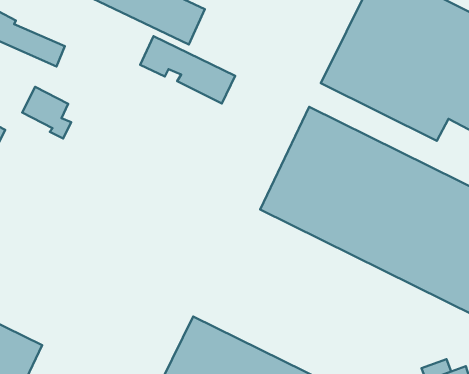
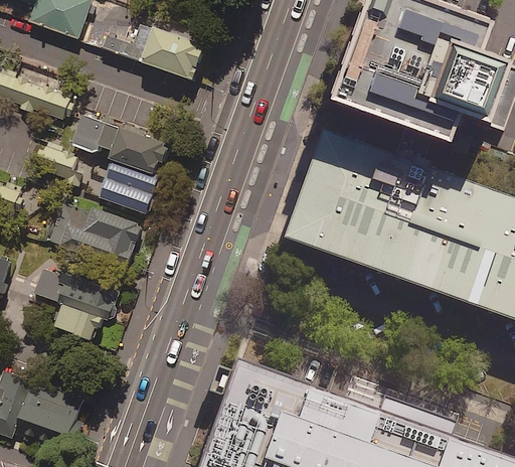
building: [140,36,235,103] -> [72,115,169,174]
building: none -> [102,162,160,213]
building: none -> [52,203,144,270]
building: none -> [37,262,121,340]

